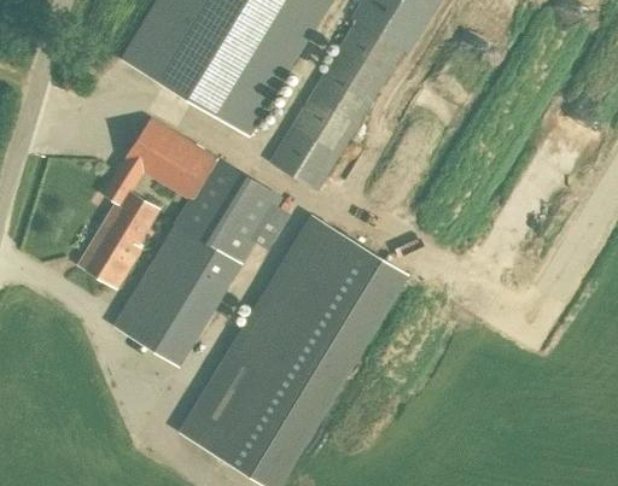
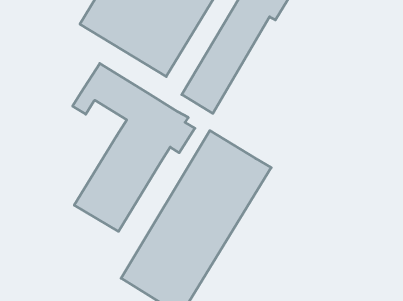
building: [78,192,159,287] -> none

